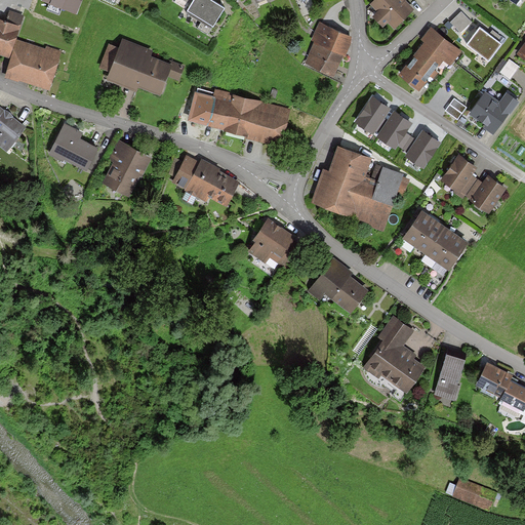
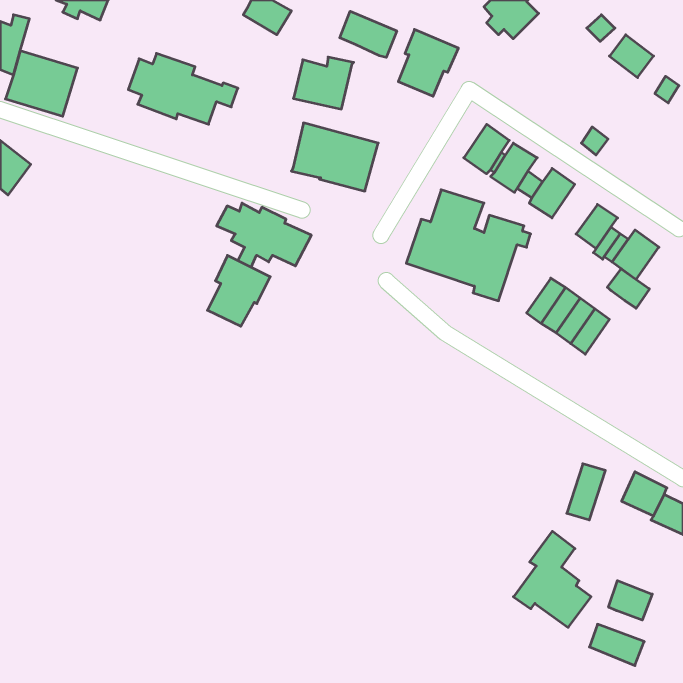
building: none -> [340,11,397,57]
building: [400,28,460,89] -> none
building: [188,89,234,129] -> [293,57,354,109]
building: [471,92,517,133] -> none
building: [49,125,95,169] -> none
building: [103,142,151,196] -> [207,255,270,326]
building: none -> [607,269,649,308]
building: [249,218,299,265] -> none
building: [307,257,366,312] -> none
building: [364,317,423,391] -> [513,531,591,627]
building: none -> [609,581,652,620]

